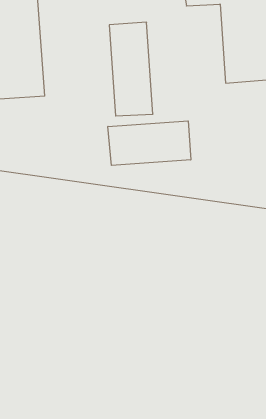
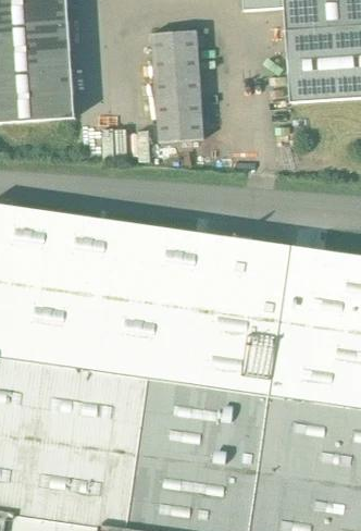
building: [108,121,191,165] -> none

